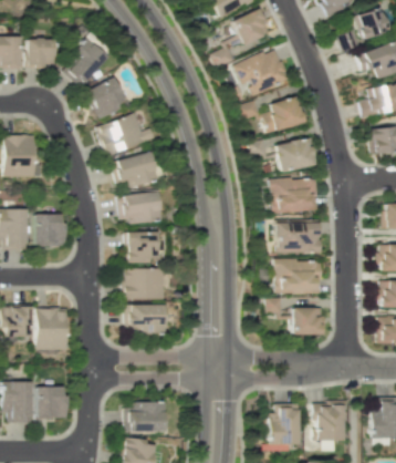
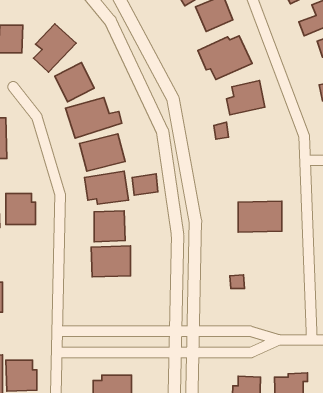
building: [275,138,316,172] -> none
building: [271,178,319,214] -> none
building: none -> [132,174,158,195]
building: [275,260,323,295] -> none
building: [126,305,167,335] -> none
building: [37,307,67,349] -> none
building: [292,307,324,336] -> none

